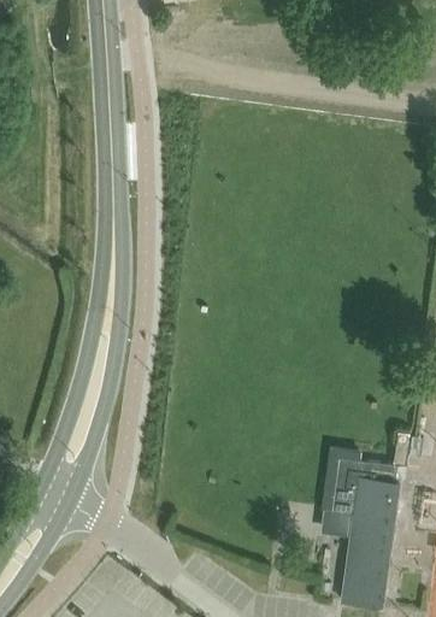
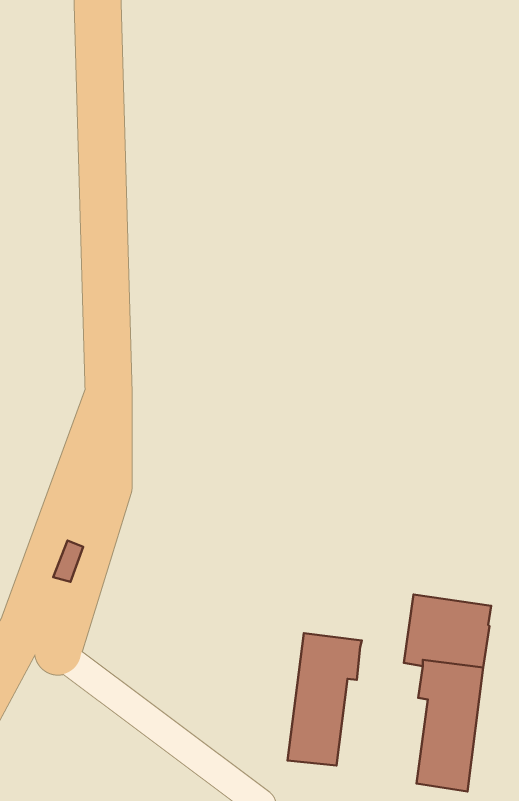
building: none -> [287,633,362,765]

